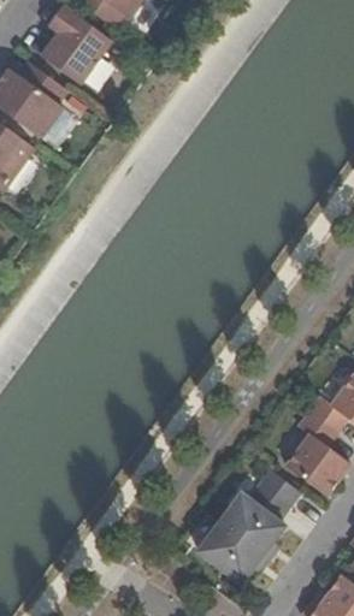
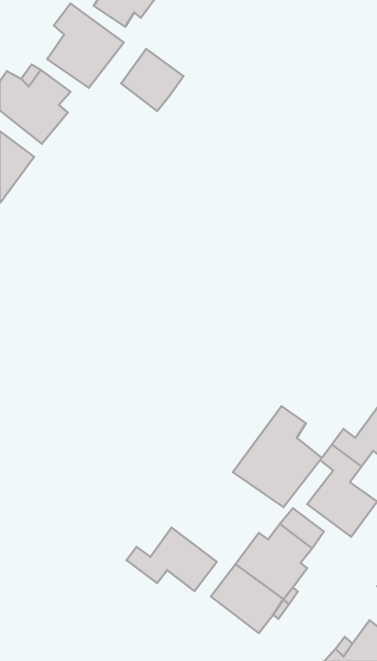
building: none -> [121,49,183,111]
building: none -> [233,406,322,507]
building: none -> [127,527,217,591]

